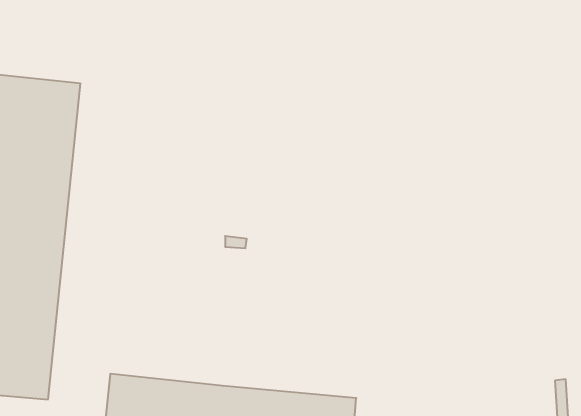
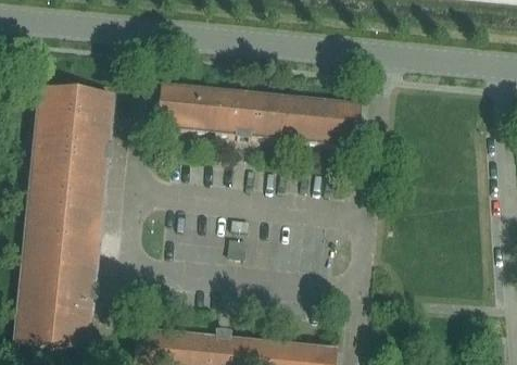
building: none -> [157,81,360,142]

